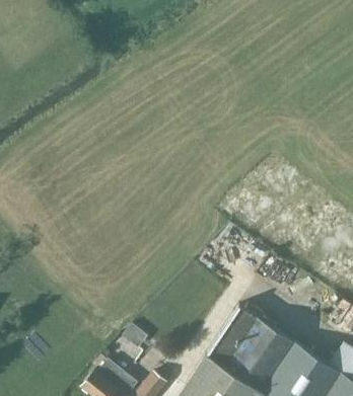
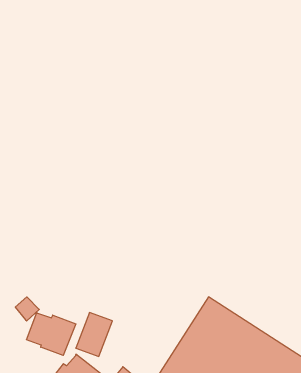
building: none -> [27,313,76,355]

